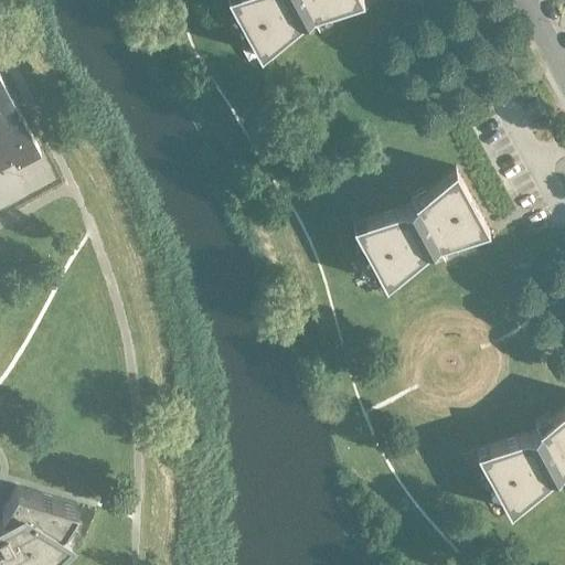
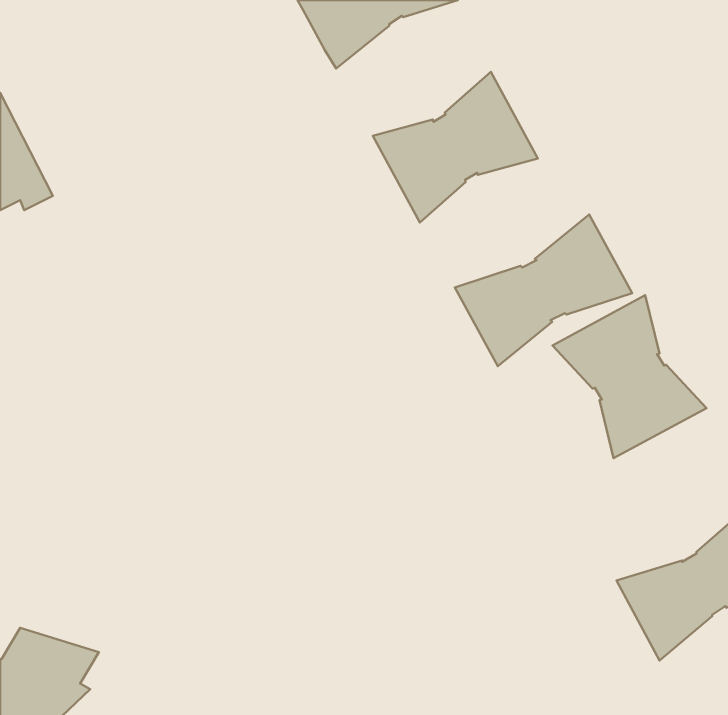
building: none -> [373,72,538,223]
building: none -> [552,295,706,458]

